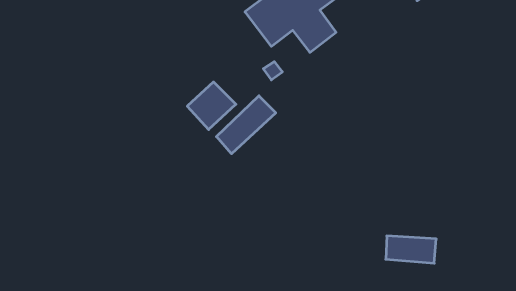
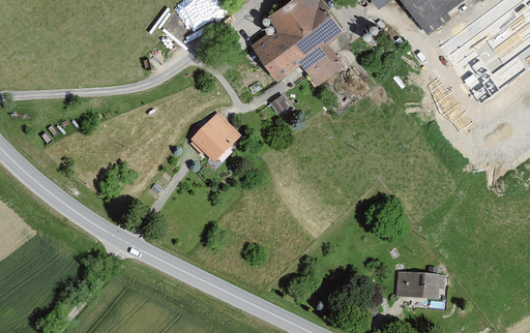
building: [216,96,276,154] -> none

